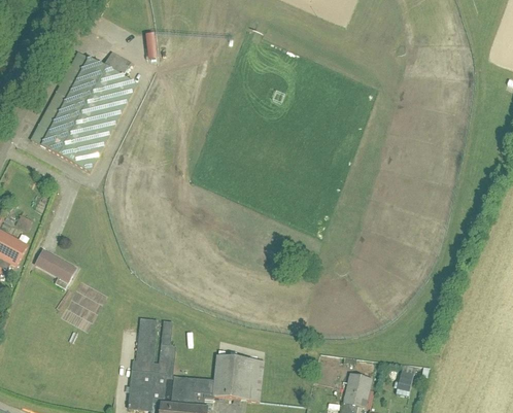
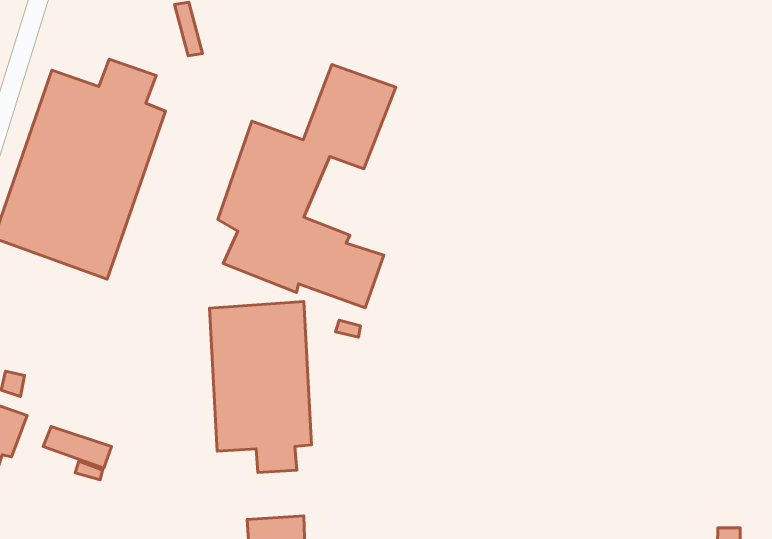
building: none -> [218,65,396,308]
building: none -> [209,302,312,472]

